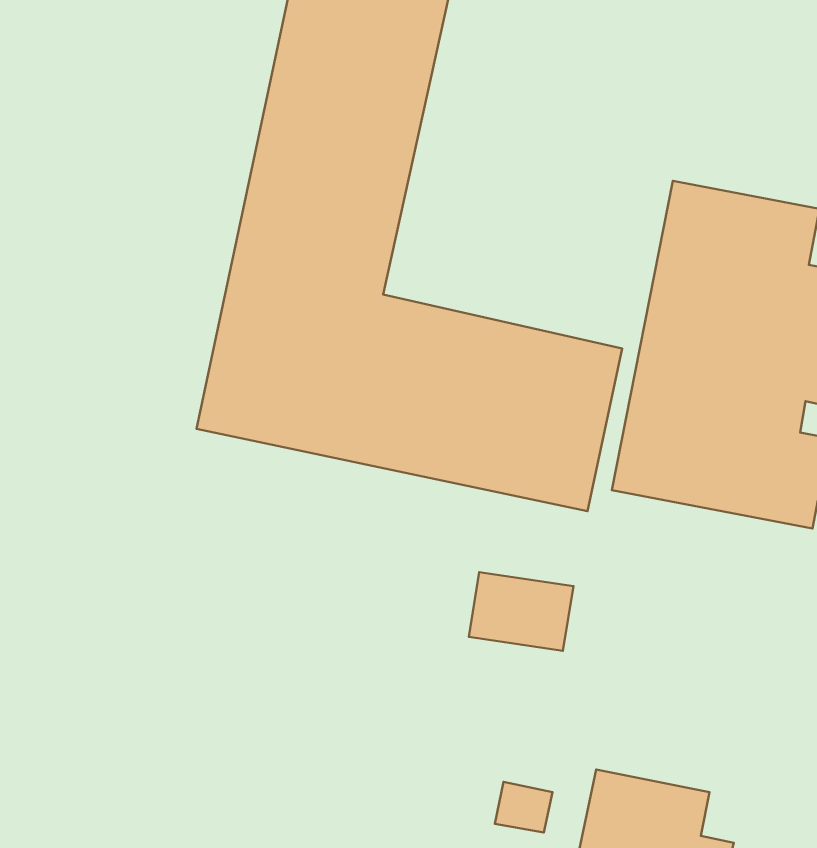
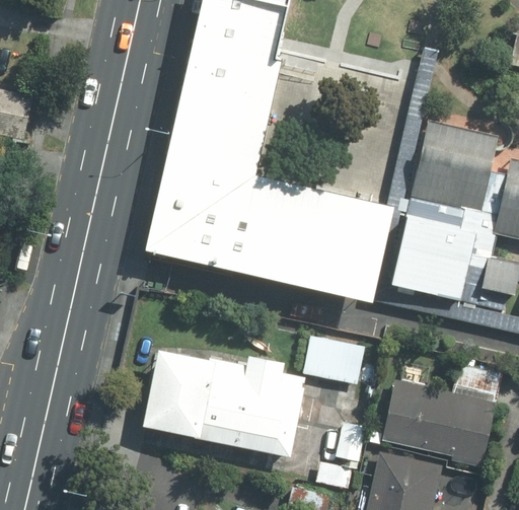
building: none -> [142,349,306,455]
building: none -> [383,365,502,466]

